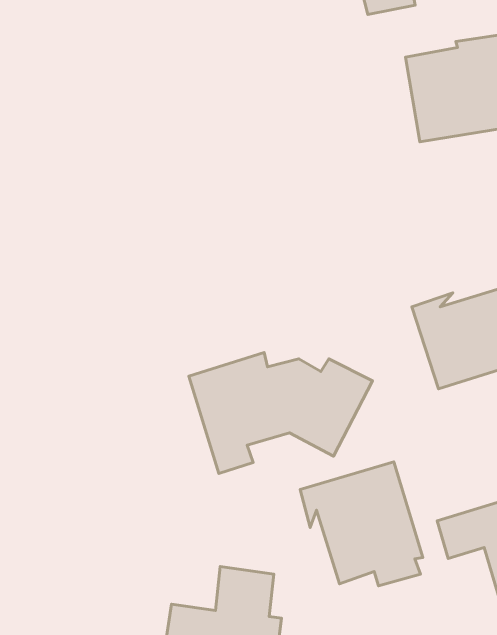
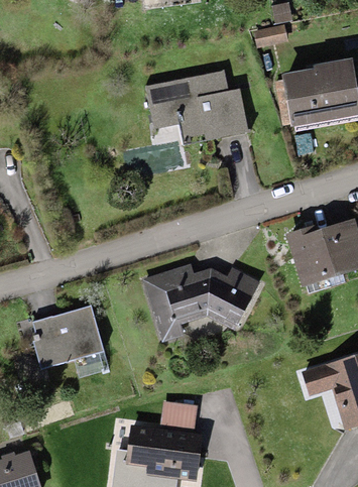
building: none -> [145,73,246,141]
building: none -> [31,306,103,368]
building: [300,462,423,586] -> none

